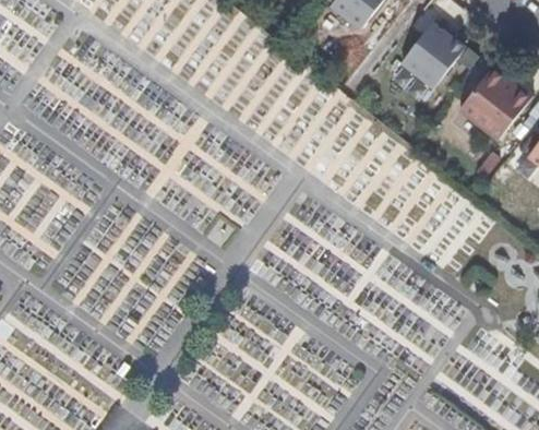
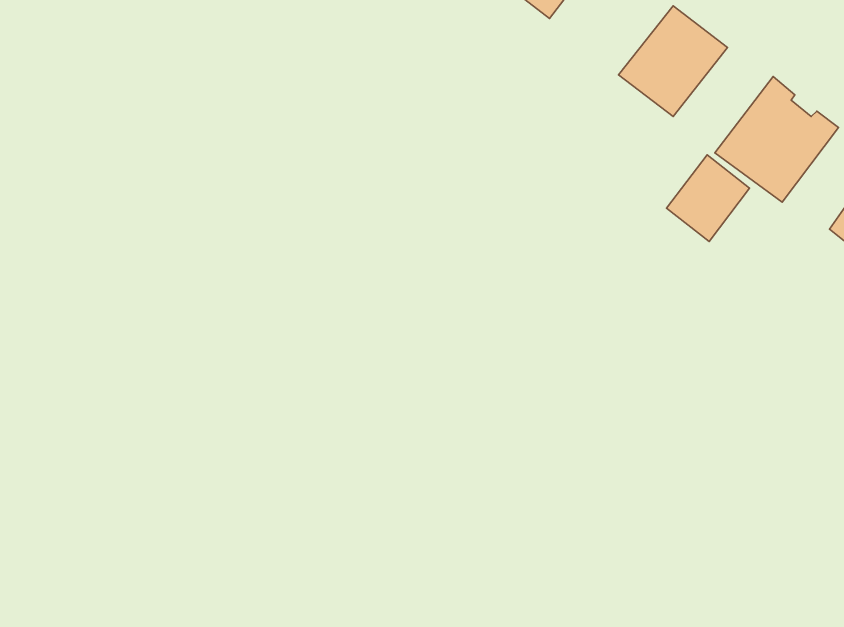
building: none -> [667,155,750,241]

